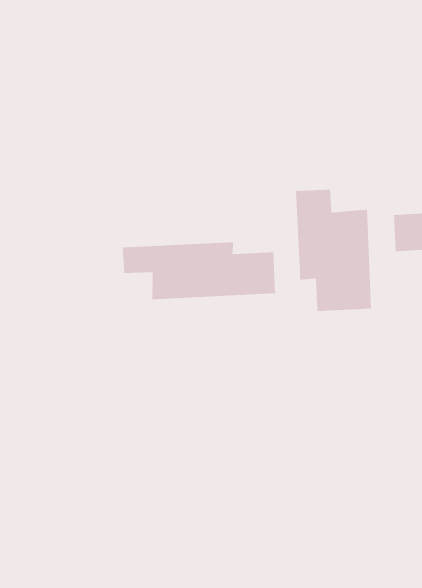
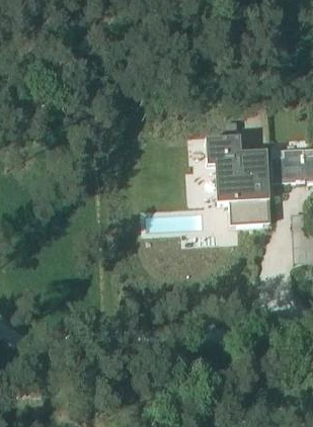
building: [122,242,275,300] -> none

